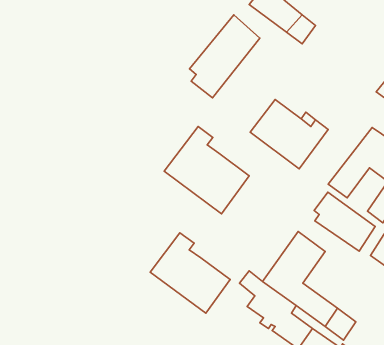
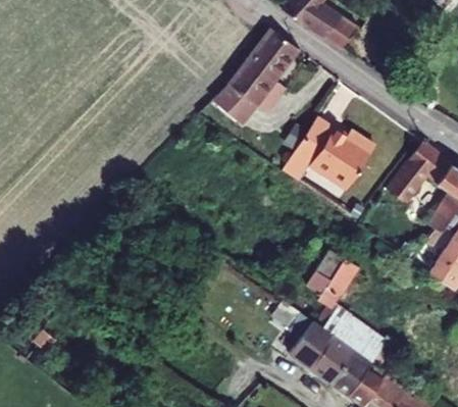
building: [164,127,249,214] -> none
building: [314,192,375,251] -> none
building: [150,233,230,313] -> none

